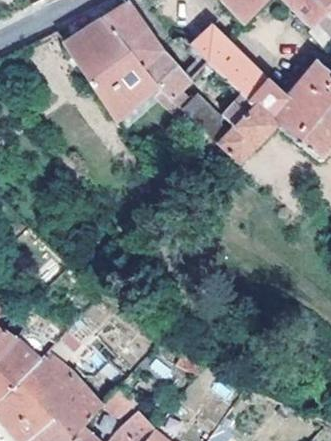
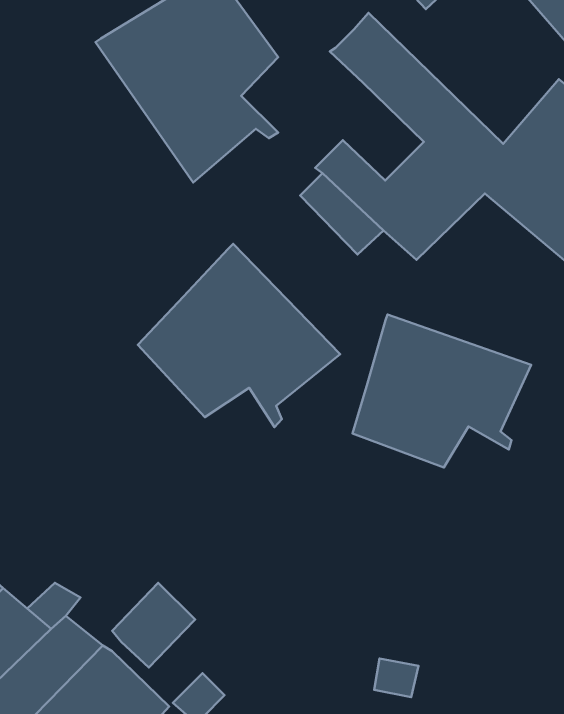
building: [143,50,194,100] -> none
building: none -> [138,244,340,427]
building: none -> [353,315,531,467]

